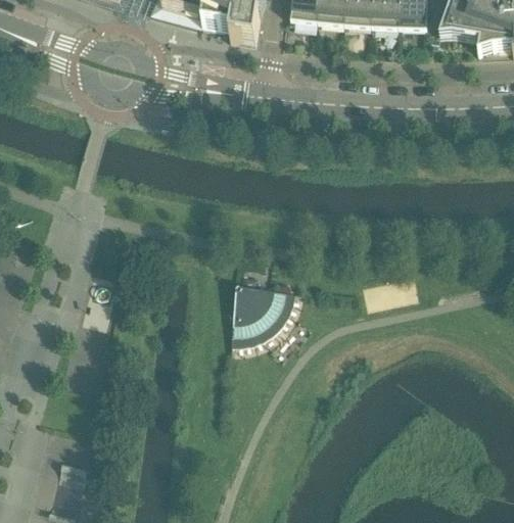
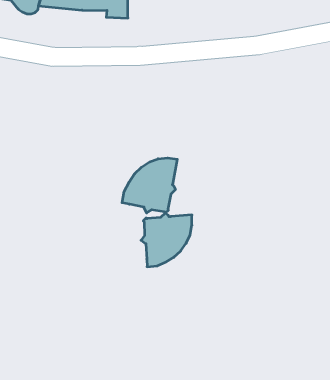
building: none -> [122,158,177,213]

